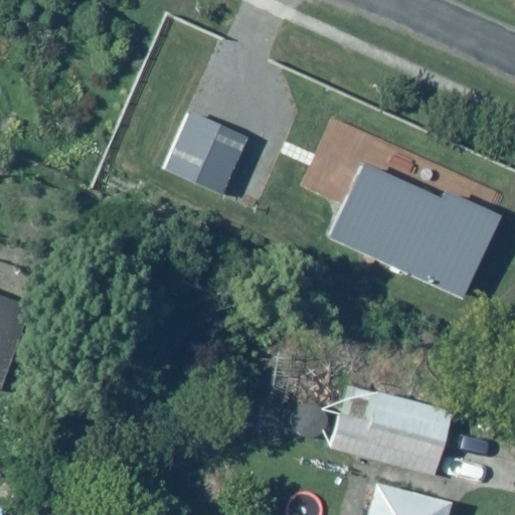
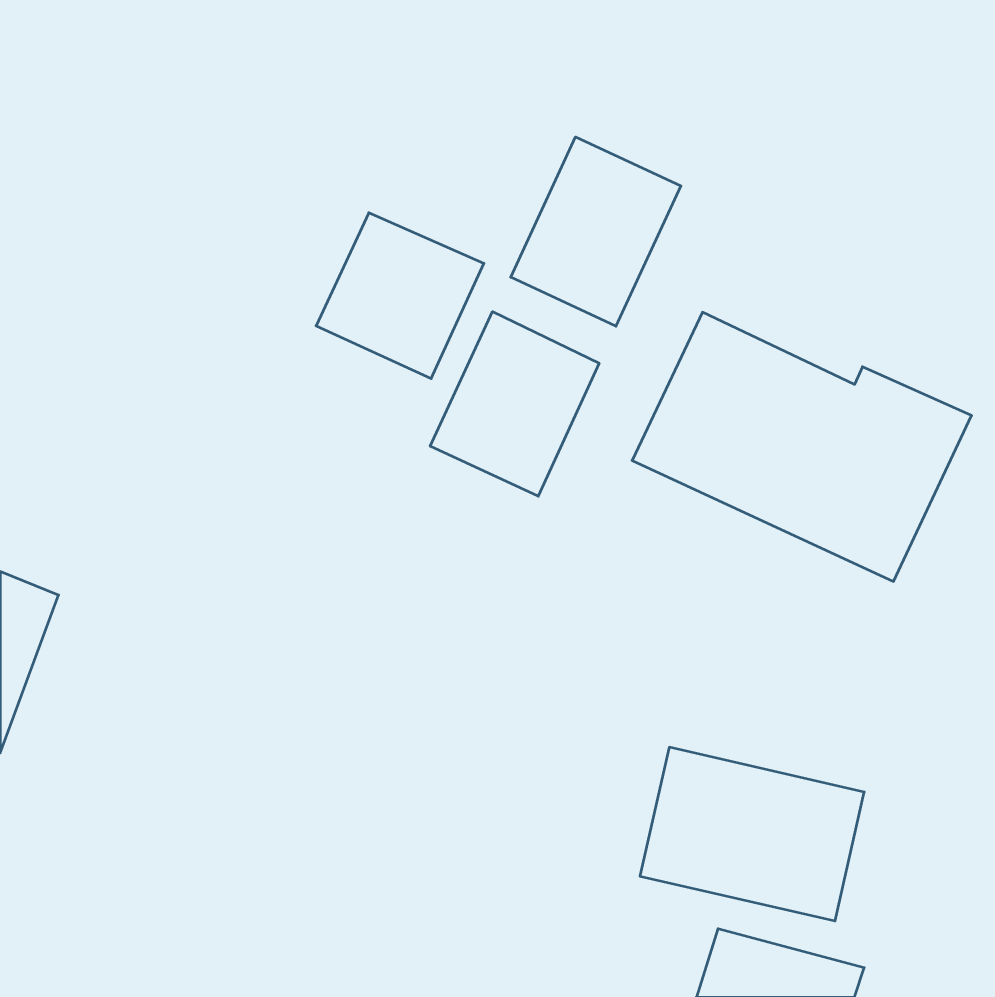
building: none -> [511,137,681,326]
building: none -> [430,312,599,496]

